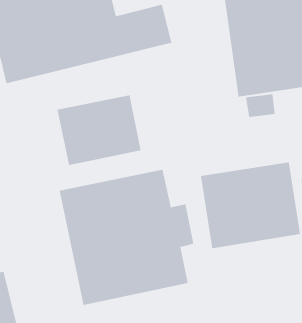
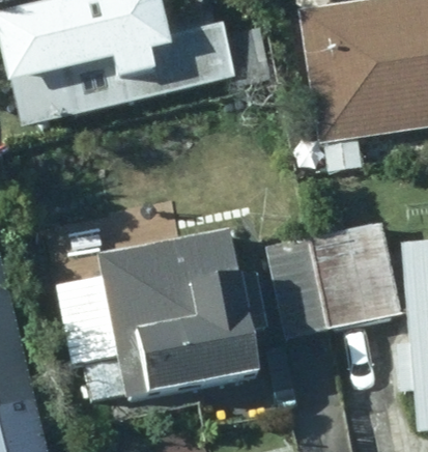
building: [57,95,141,166] -> none

